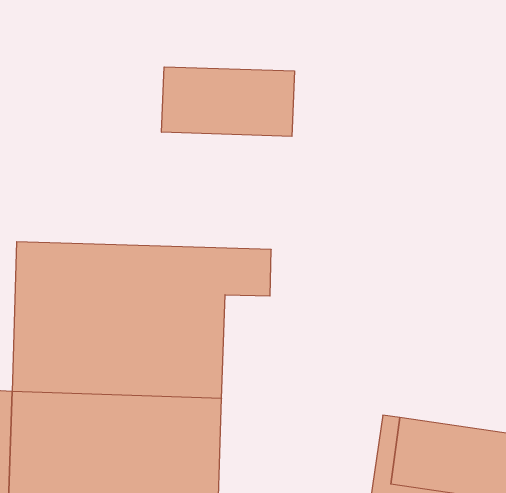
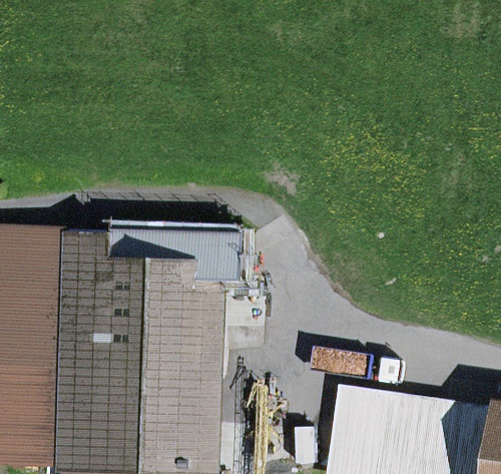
building: [162,67,294,136] -> none

